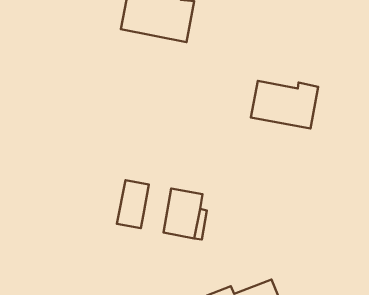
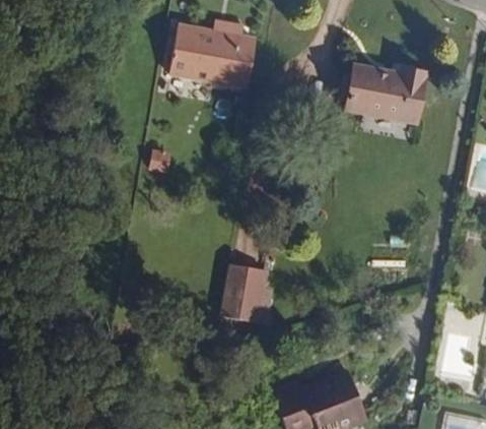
building: [251,81,318,129] -> [346,66,426,123]
building: [117,180,149,228] -> none

